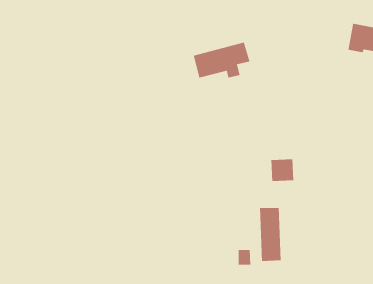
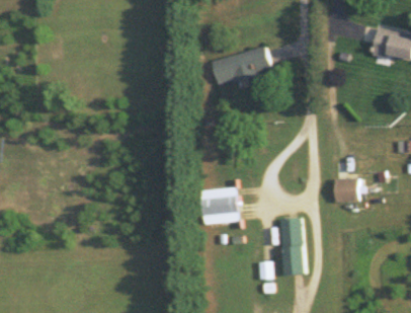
building: [271,158,294,182] -> [335,178,359,203]
building: none -> [201,188,239,224]

